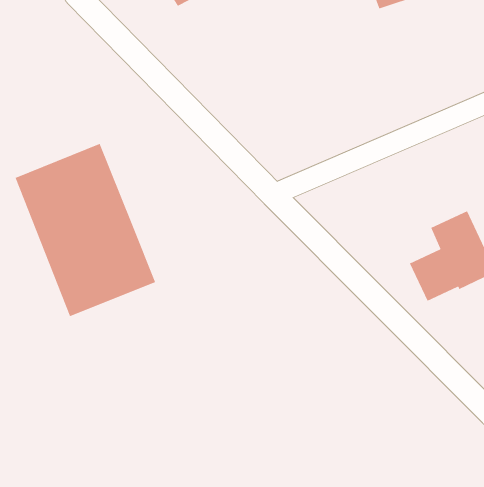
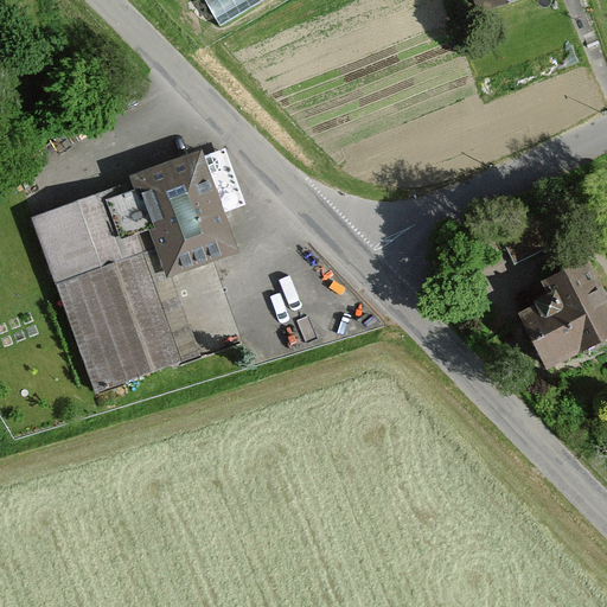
building: none -> [134,148,245,276]

